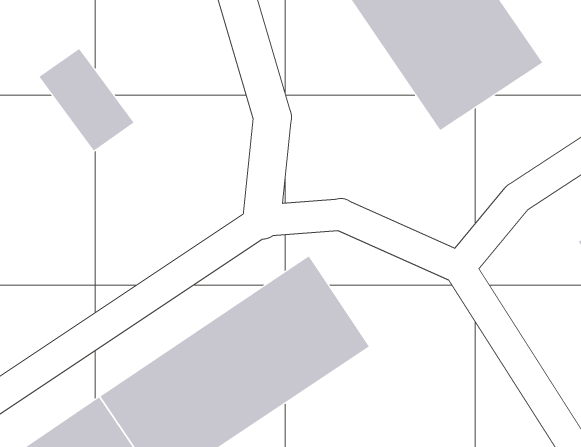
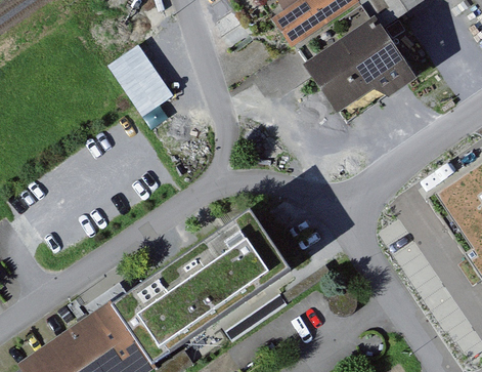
building: [39,48,134,151] -> [116,45,180,115]

